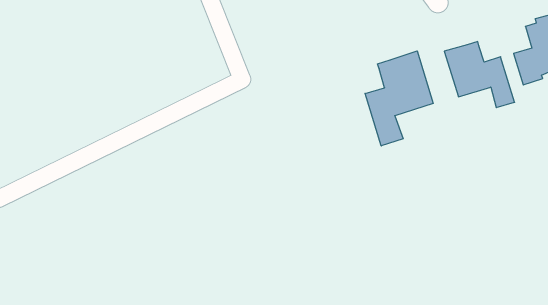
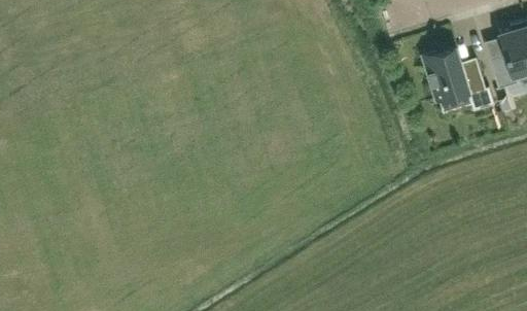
building: [365,51,433,146] -> none

